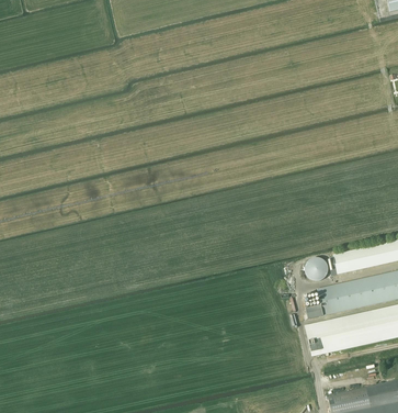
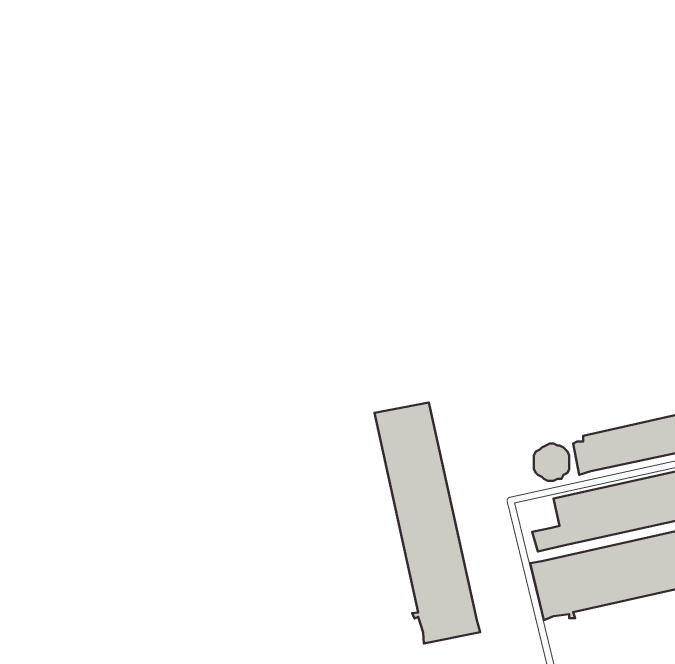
building: none -> [374,402,480,643]

